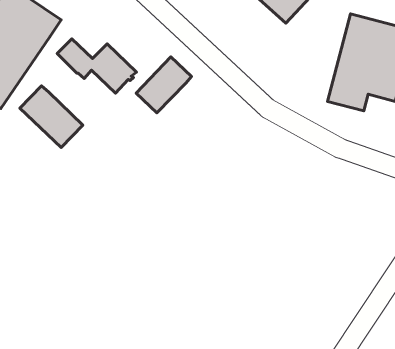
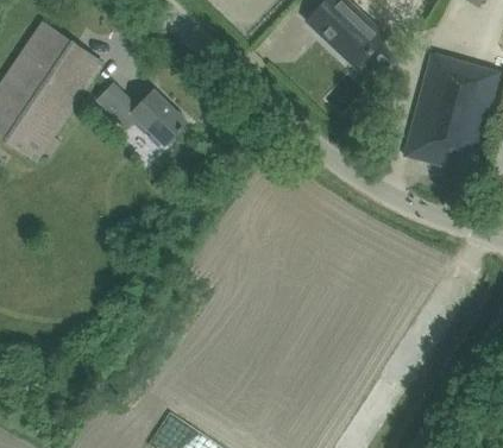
building: [136,57,191,113] -> none
building: [20,86,83,148] -> none

